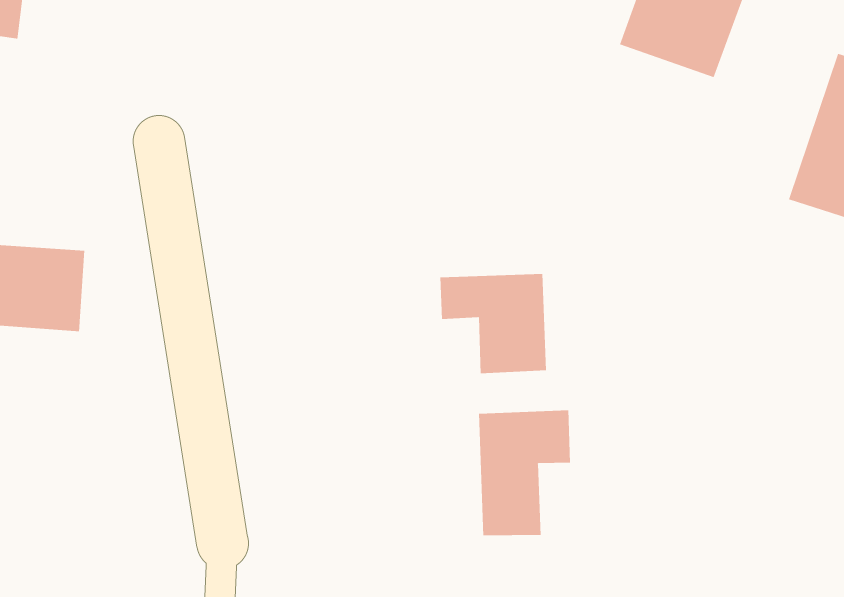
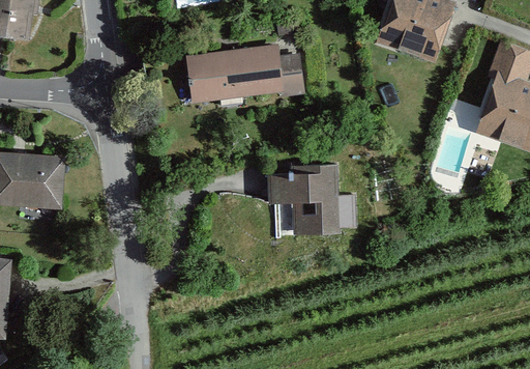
building: none -> [193,48,301,100]
building: [479,410,571,536] -> none

